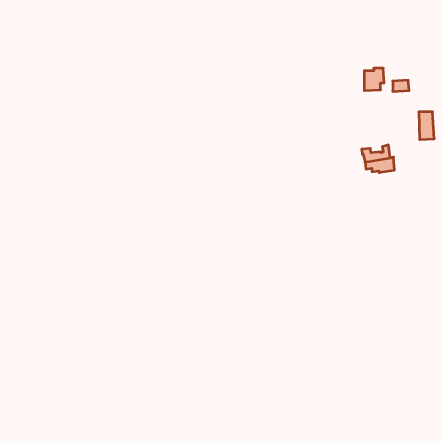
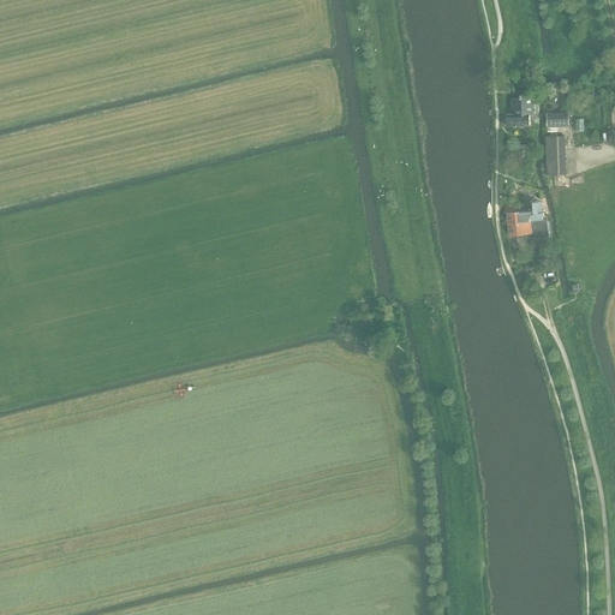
building: [419,112,434,140] -> [545,137,567,175]

